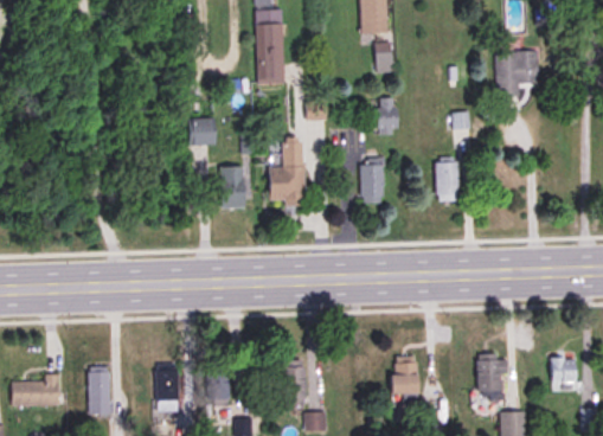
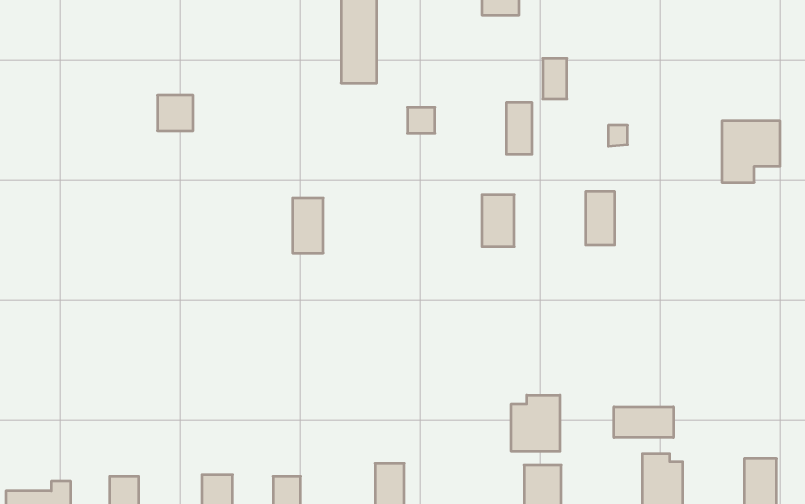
building: [376,43,393,72] -> [543,58,567,99]
building: [495,51,538,96] -> [722,121,780,182]
building: [188,118,214,145] -> [157,95,193,131]
building: [269,137,303,206] -> none
building: none -> [511,395,560,451]
building: none -> [614,407,673,438]

